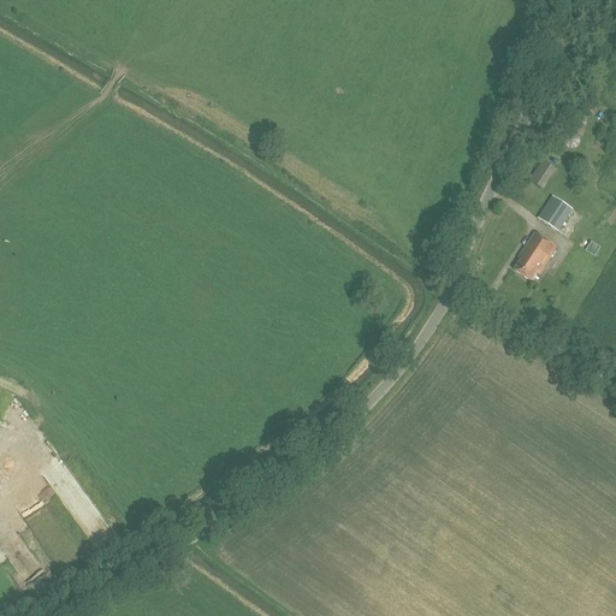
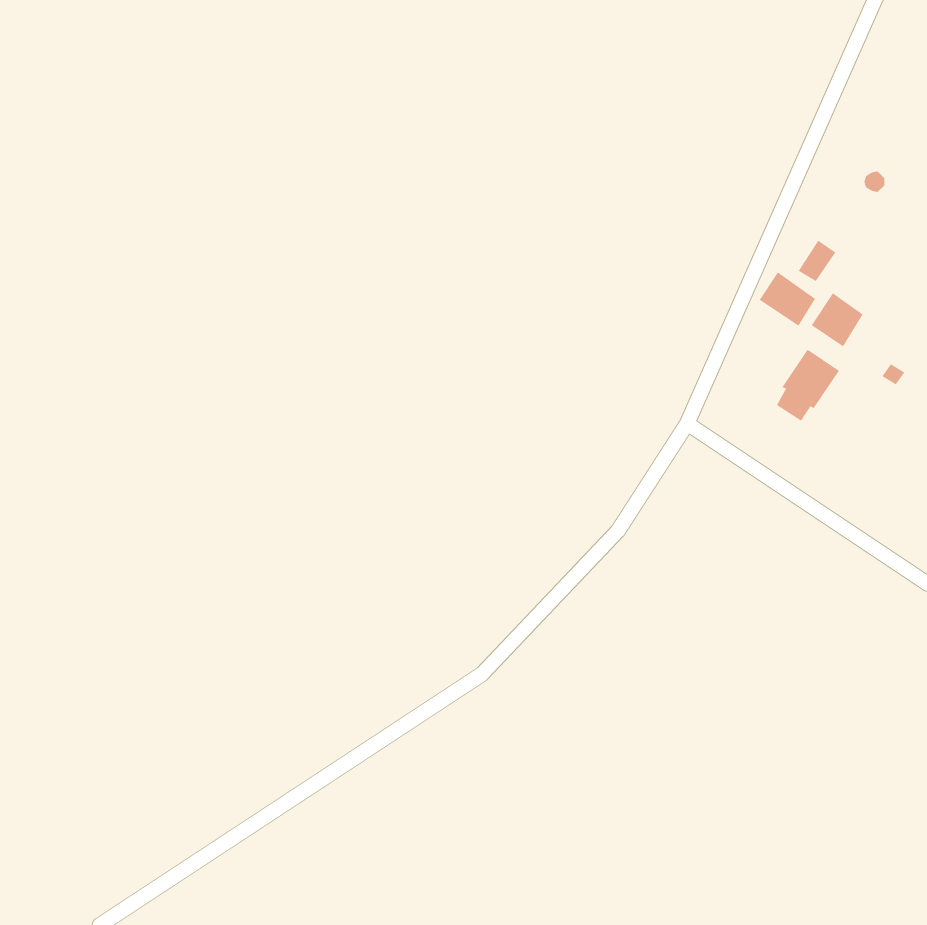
building: none -> [759,271,816,327]

